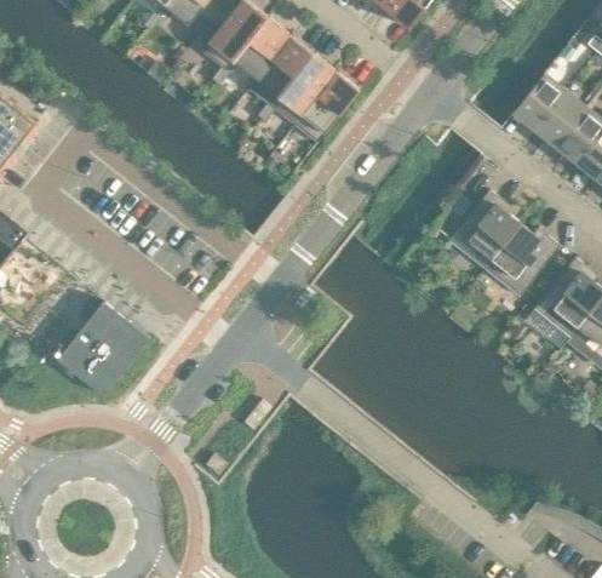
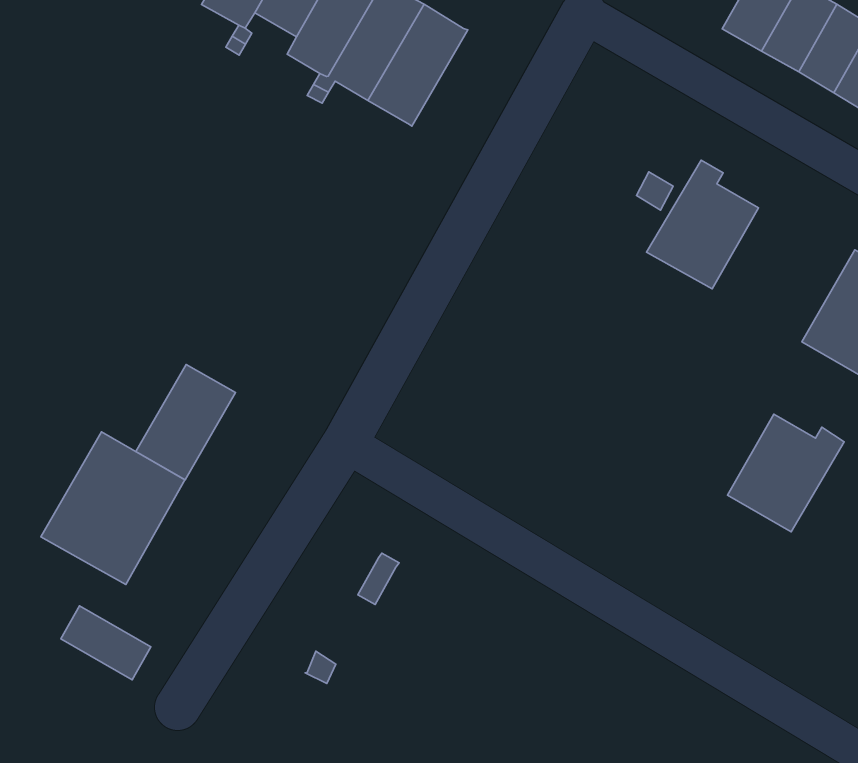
building: [482,223,557,296] -> [728,414,844,532]
building: none -> [136,365,236,480]
building: none -> [61,606,151,680]

